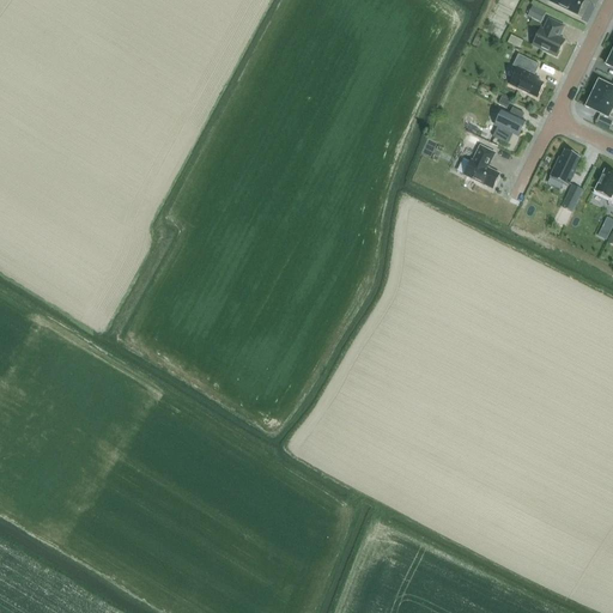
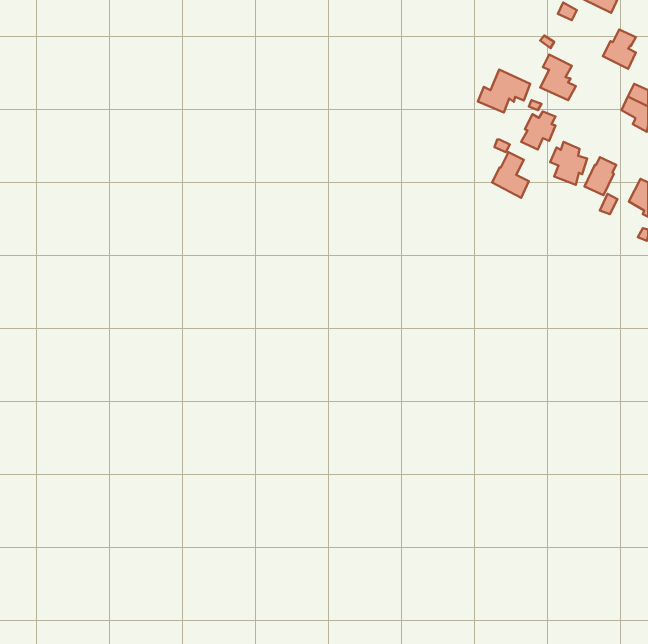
building: [533,17,564,54] -> [603,30,636,69]
building: none -> [478,70,530,112]
building: none -> [550,142,587,185]

